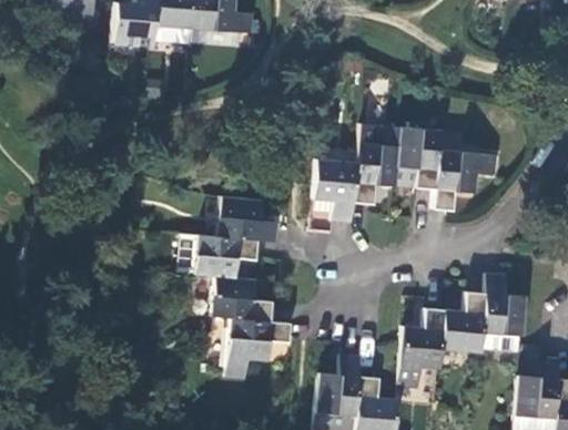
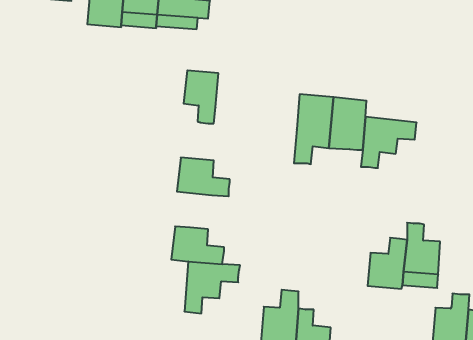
building: [316,161,357,223] -> [184,70,218,123]
building: [193,236,257,279] -> none
building: [398,308,444,386] -> none

